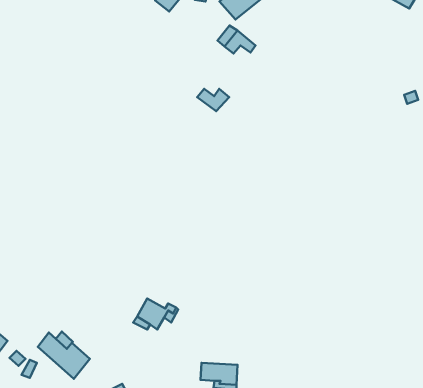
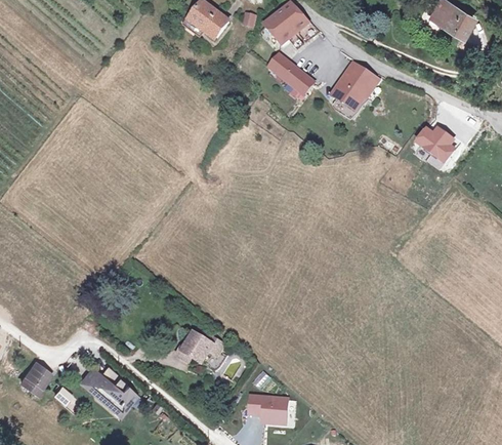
building: none -> [333,64,376,112]
building: [197,89,229,111] -> [282,73,315,95]
building: none -> [416,128,454,163]

